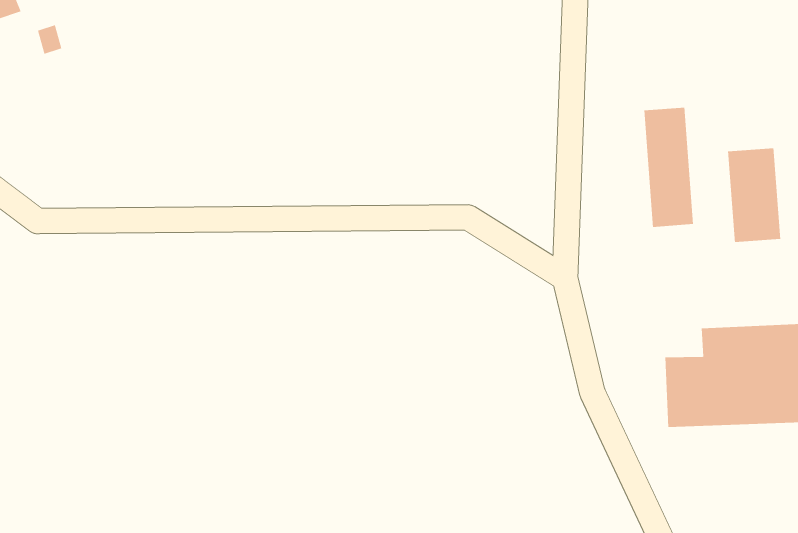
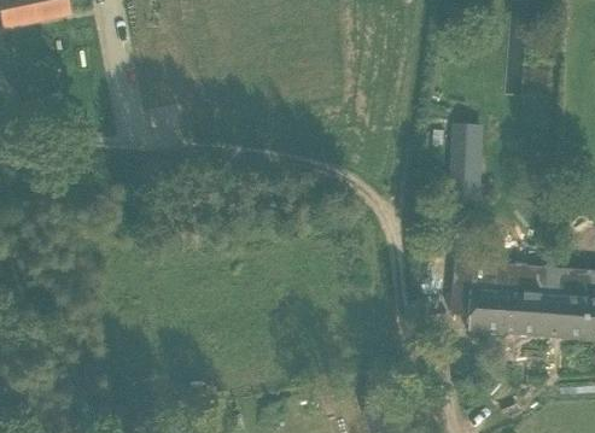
building: [728,148,781,243] -> none

